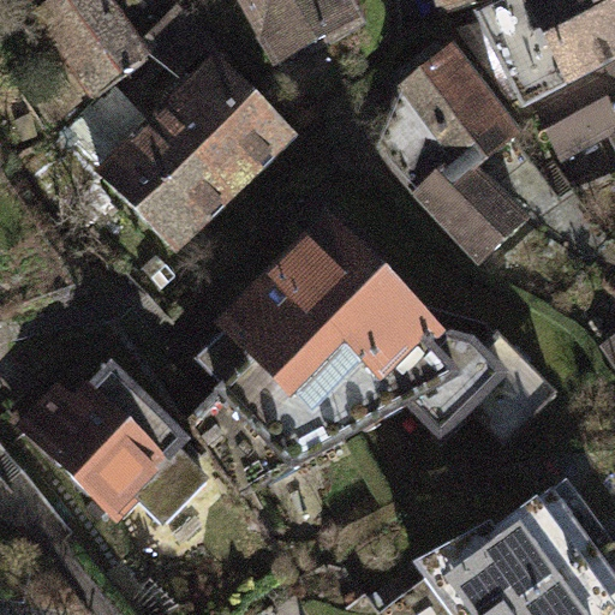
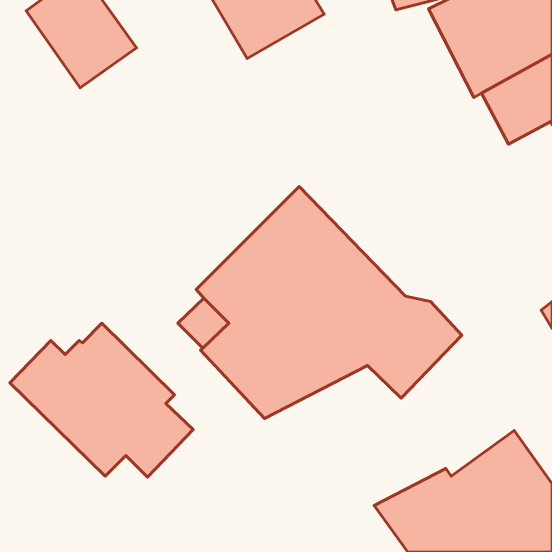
building: [376,40,530,267] -> none
building: [95,48,301,252] -> none

